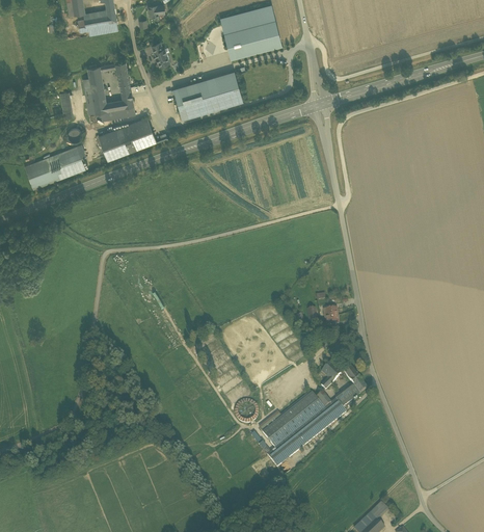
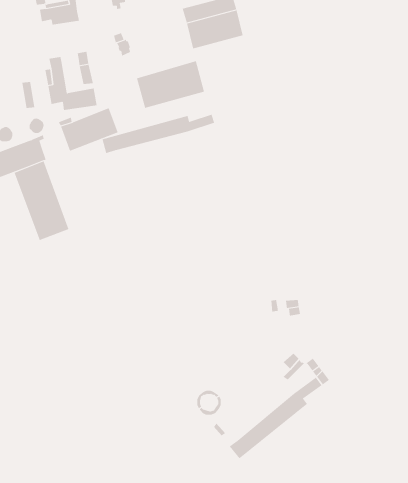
building: none -> [102,114,215,154]
building: none -> [14,161,69,241]
building: [261,391,330,449] -> none

